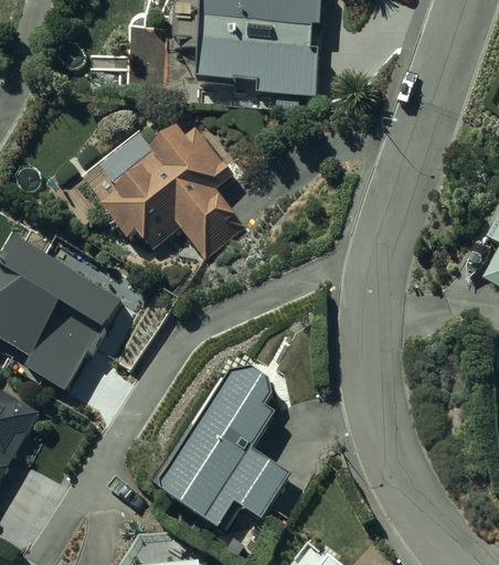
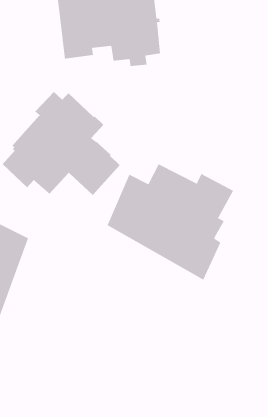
building: none -> [107,164,234,280]
building: [159,362,289,525] -> none

